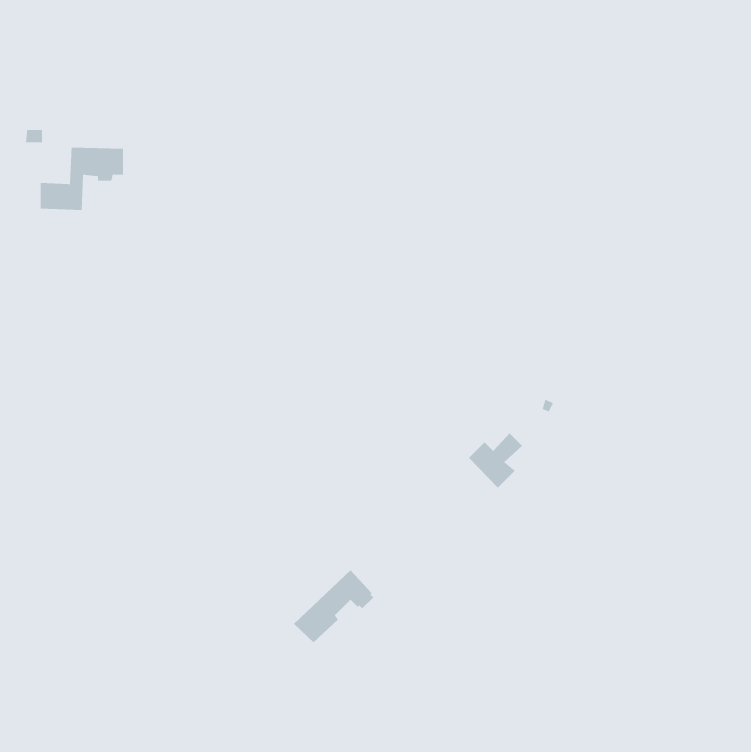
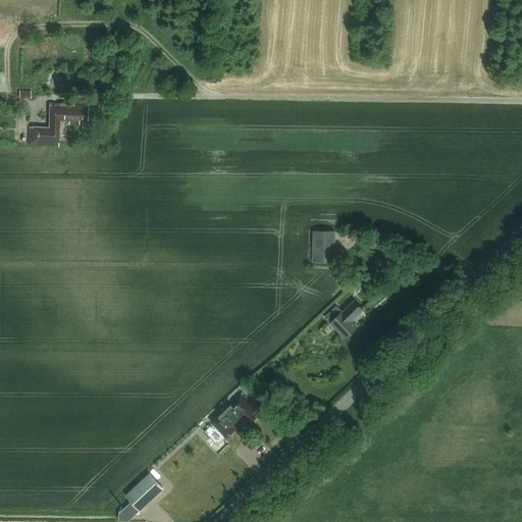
building: none -> [312,230,334,262]
building: none -> [126,475,163,512]

